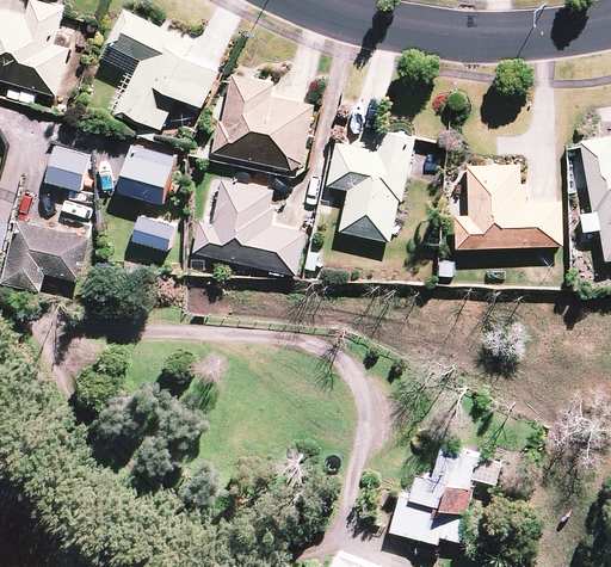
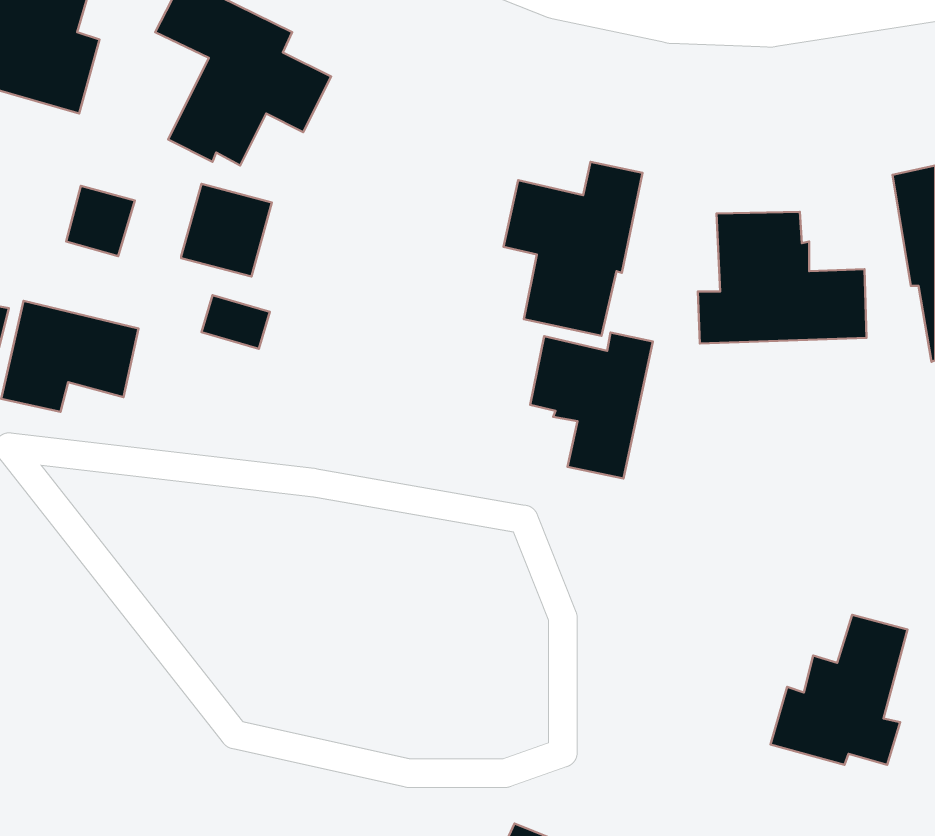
building: [209,78,313,173] -> none
building: [192,179,307,276] -> none
building: none -> [530,332,653,478]
building: [385,450,474,547] -> [771,615,908,765]

